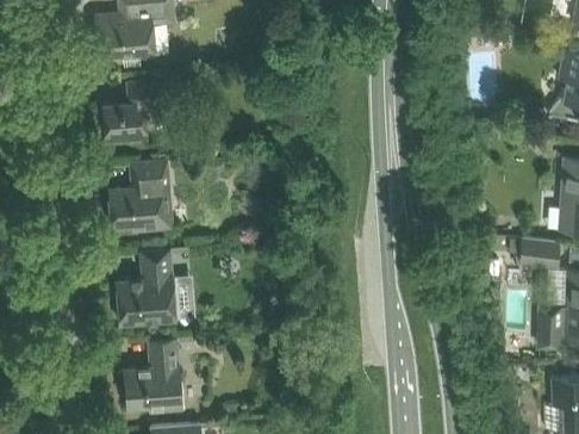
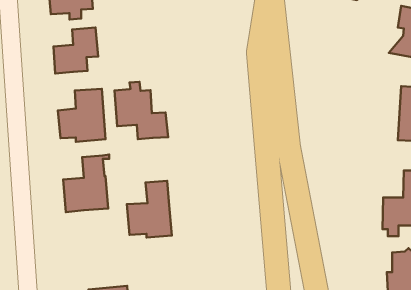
building: none -> [115,82,168,139]
building: [518,237,560,268] -> none
building: [123,336,182,411] -> [127,181,172,237]

